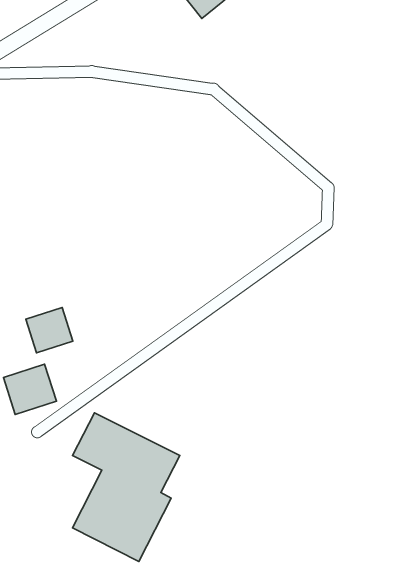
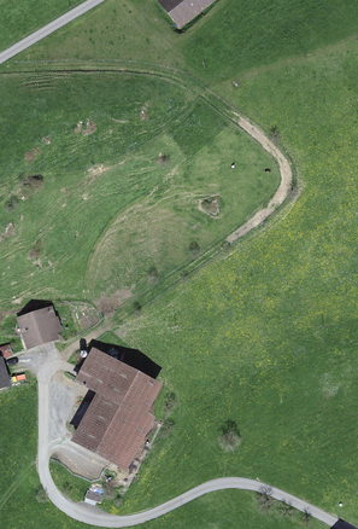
building: [26,308,73,353] -> none

